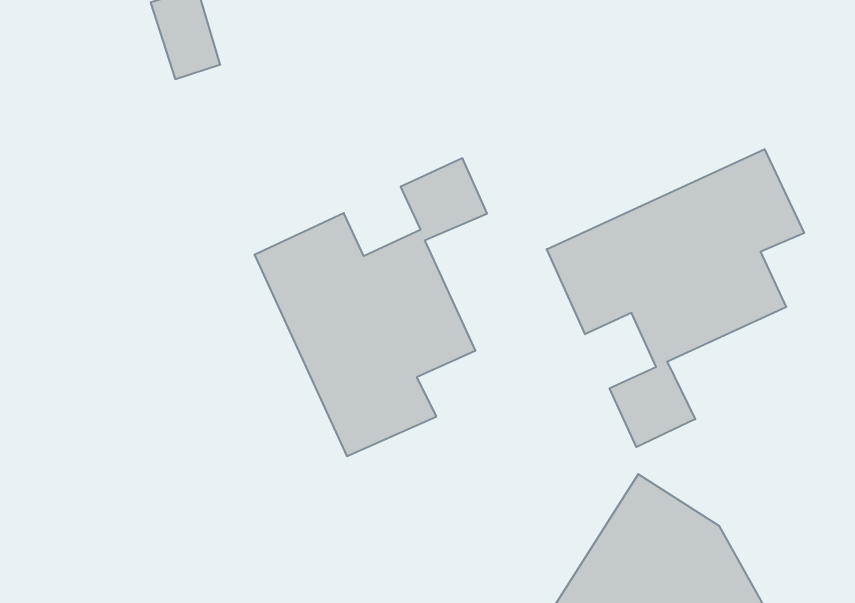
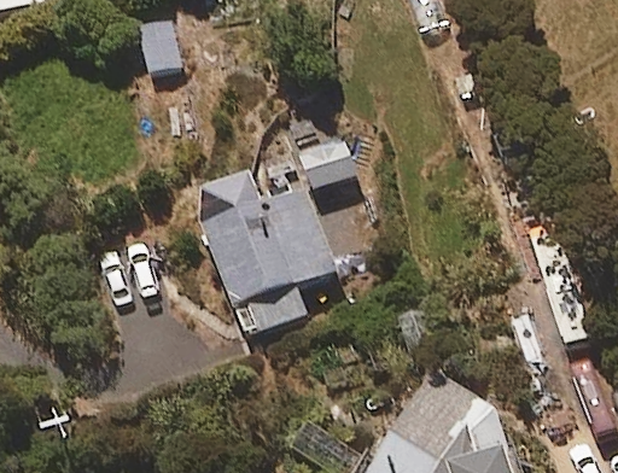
building: [547,149,804,447] -> none

